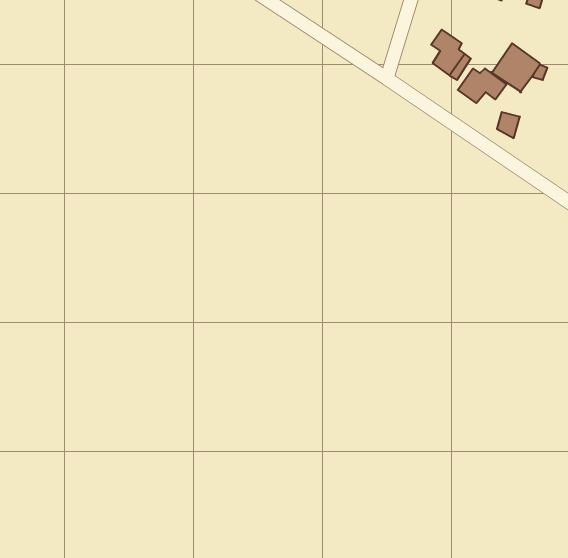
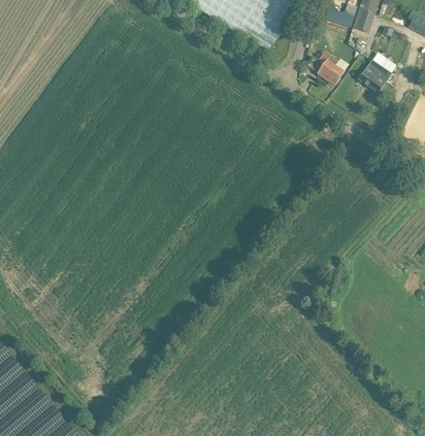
building: [458,68,506,103] -> none

